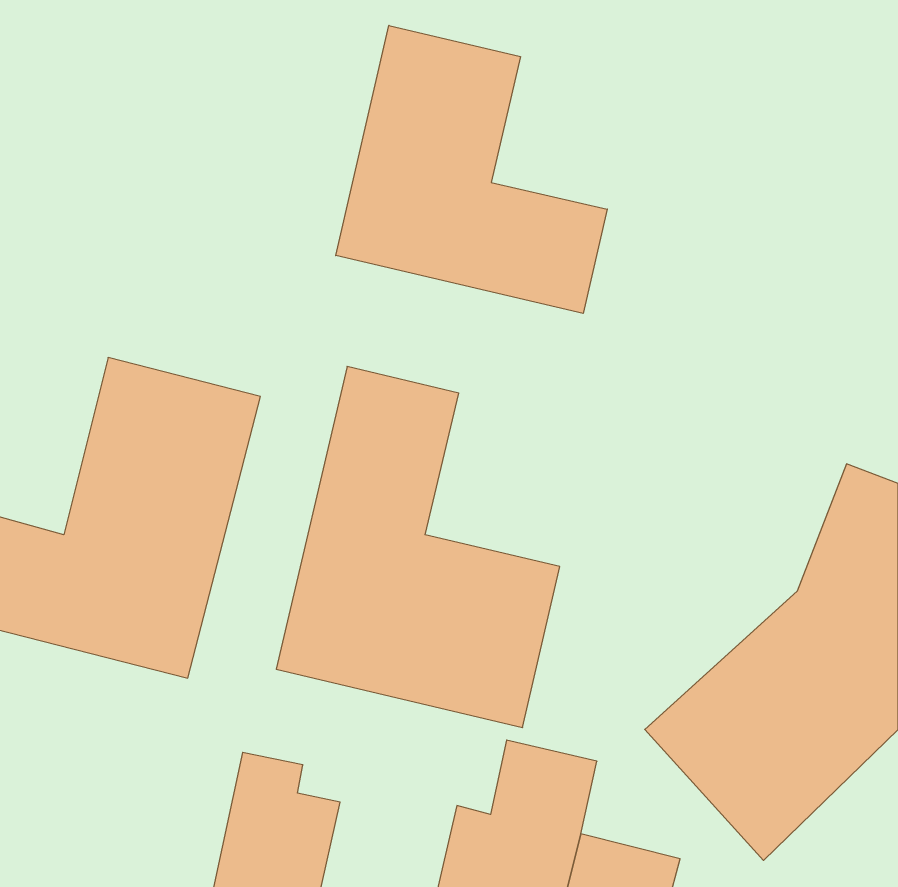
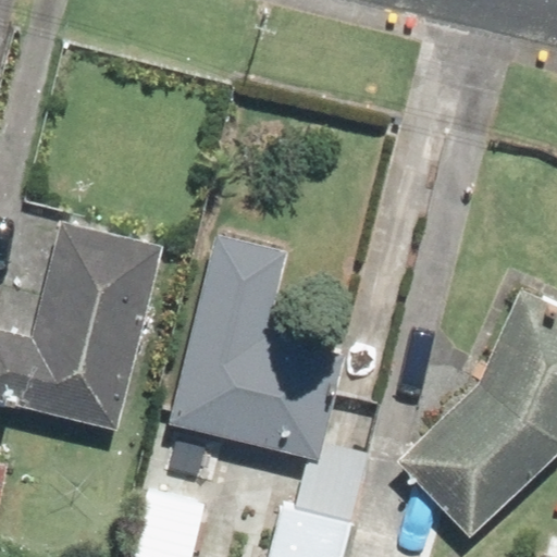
building: [336,25,607,313] -> none

